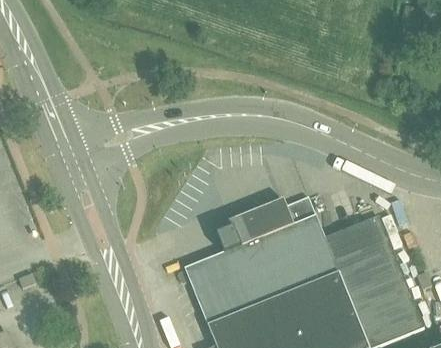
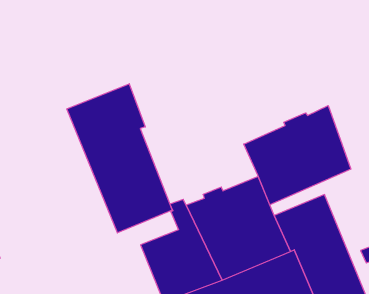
building: none -> [67,84,172,233]
building: none -> [244,106,351,205]

